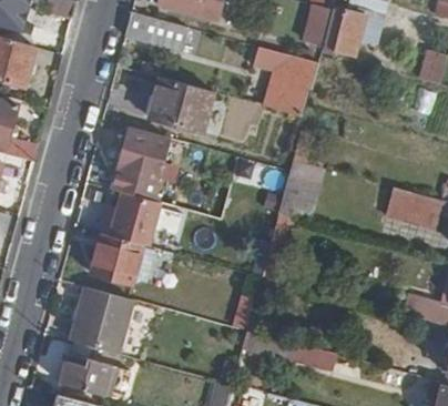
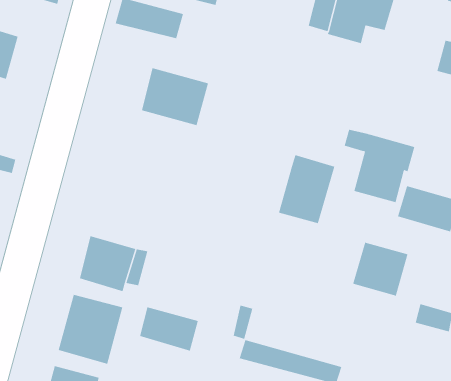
building: [251,45,317,114] -> [344,129,415,203]
building: [105,131,170,233] -> none
building: none -> [352,242,408,296]
building: none -> [139,307,198,352]

